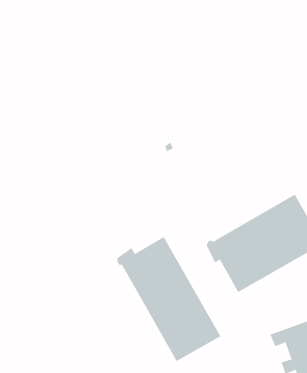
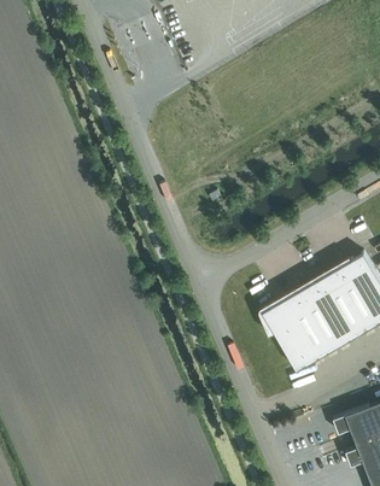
building: [117,236,221,362] -> none

